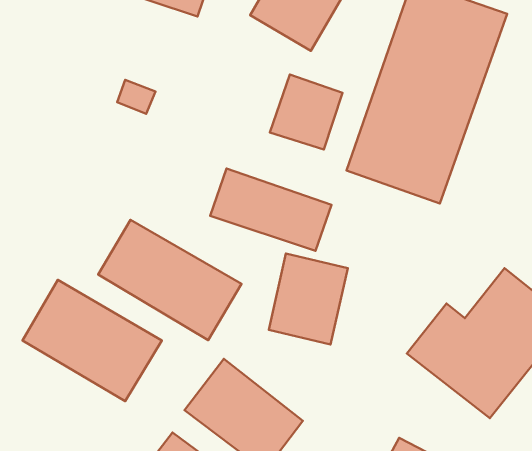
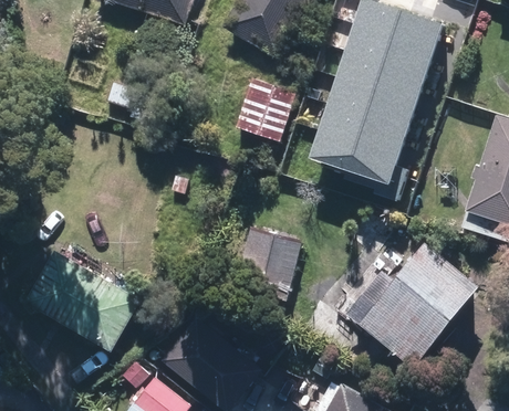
building: [210,168,332,251] -> none
building: [98,220,241,340] -> none

